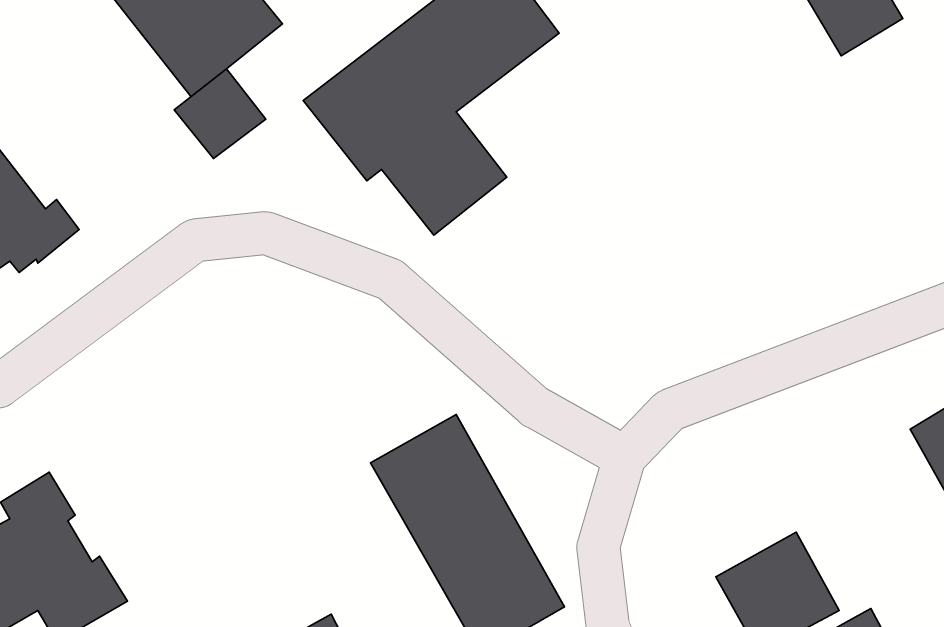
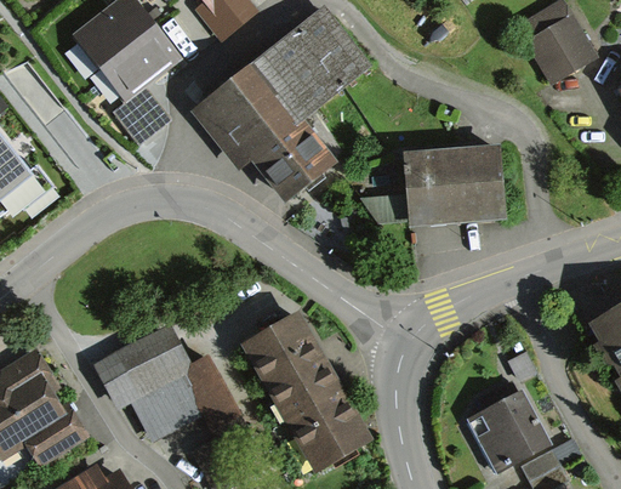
building: none -> [354,148,497,222]
building: none -> [96,328,238,437]

